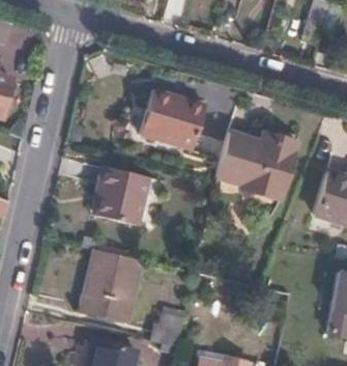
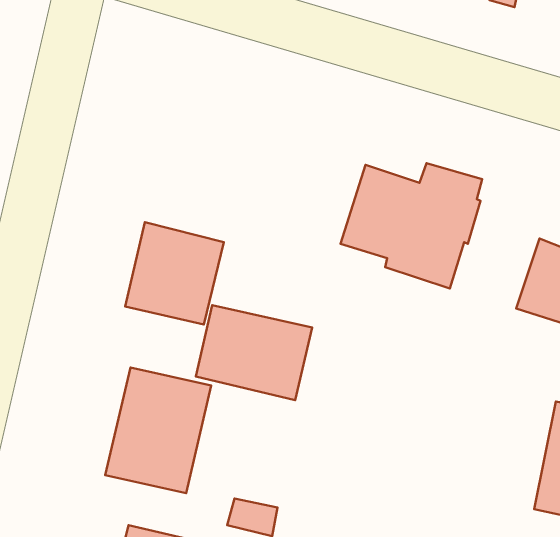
building: [143,87,208,149] -> none
building: none -> [196,305,312,400]

